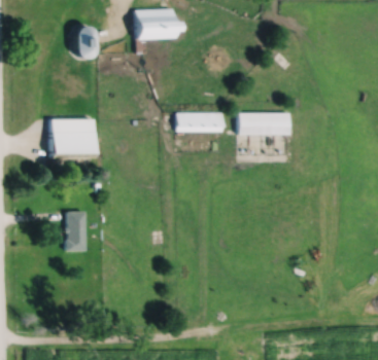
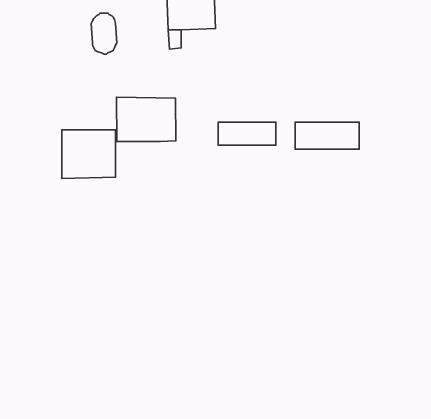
building: none -> [117,97,176,141]
building: [64,211,85,251] -> none

